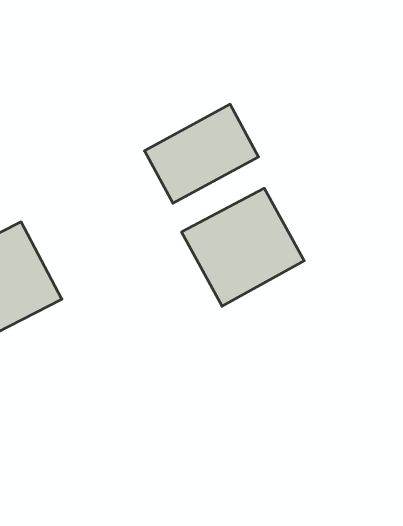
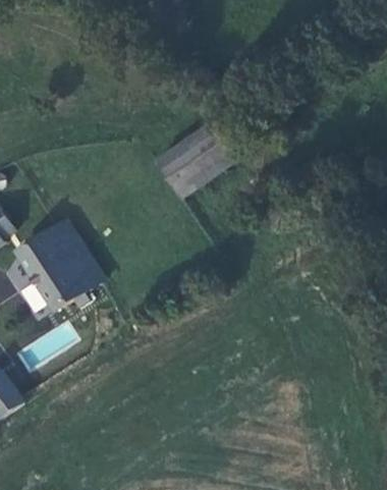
building: [182,188,304,306] -> none

